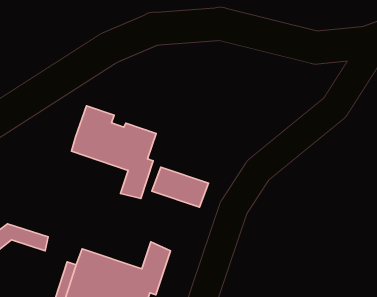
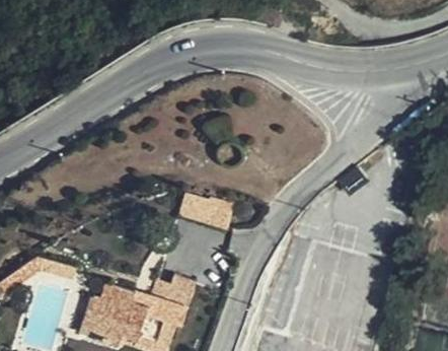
building: [72,106,156,198] -> none

